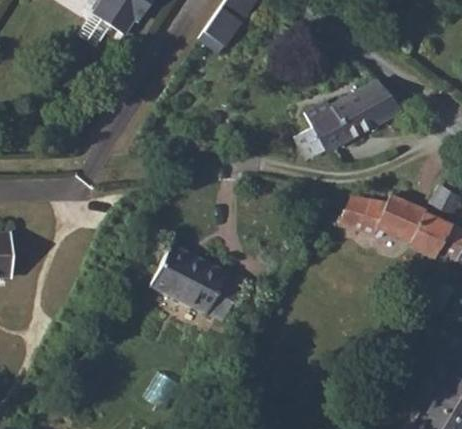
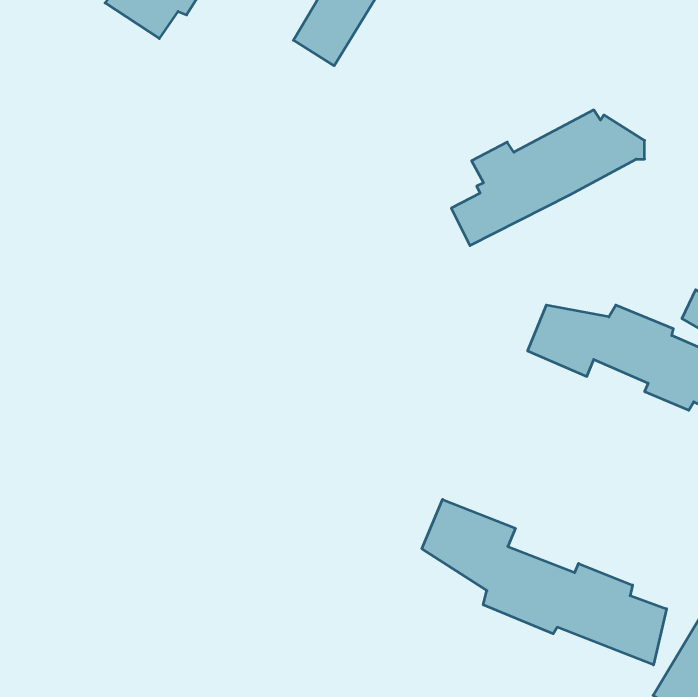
building: [150,245,241,321] -> none
building: none -> [422,499,667,665]

